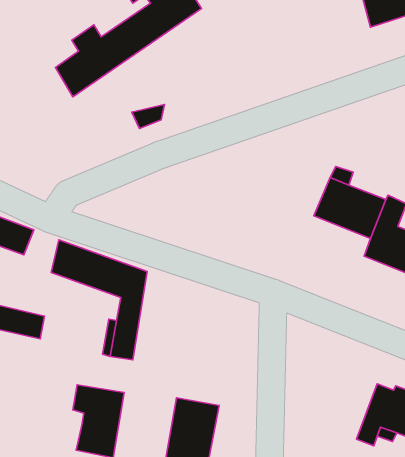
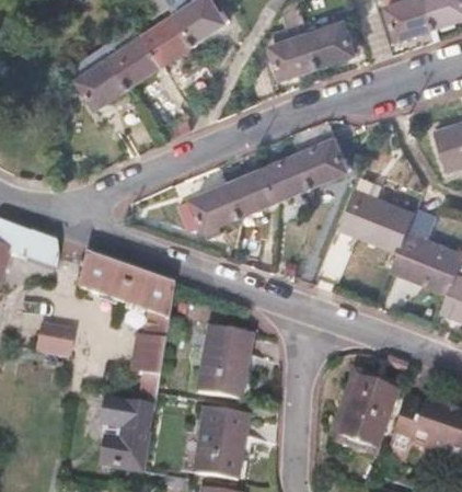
building: none -> [274,19,357,76]
building: none -> [178,139,348,237]
building: none -> [196,328,251,400]
building: none -> [334,380,394,454]

